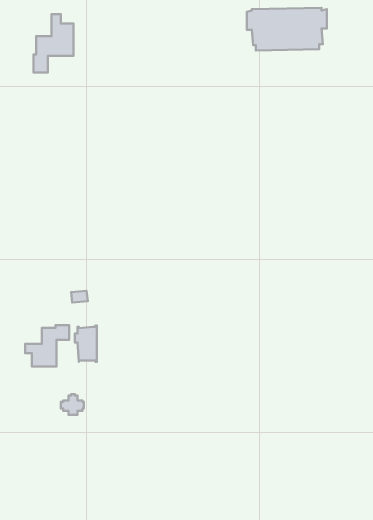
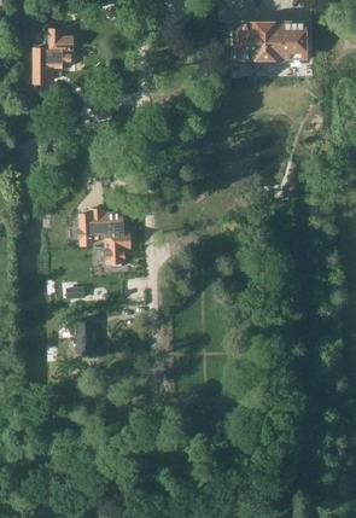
building: none -> [81,209,132,262]
building: [25,325,69,366] -> none

